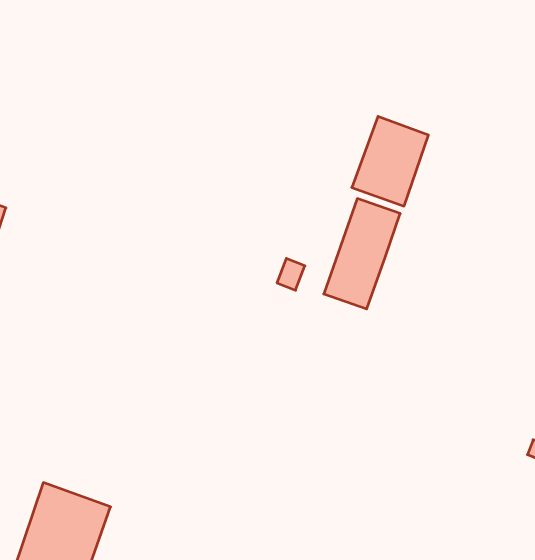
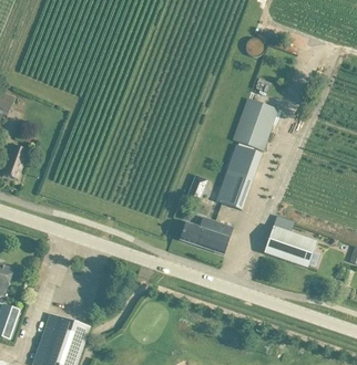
building: none -> [180,217,233,253]
building: none -> [264,226,316,267]

